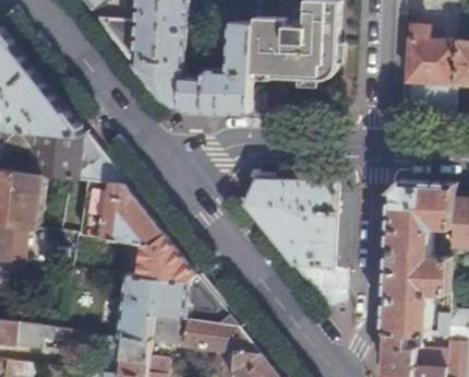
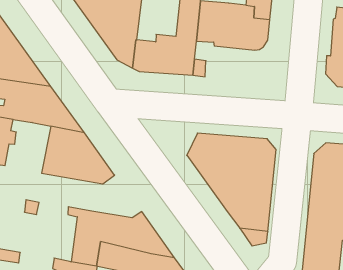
building: [139,232,199,280] -> none

